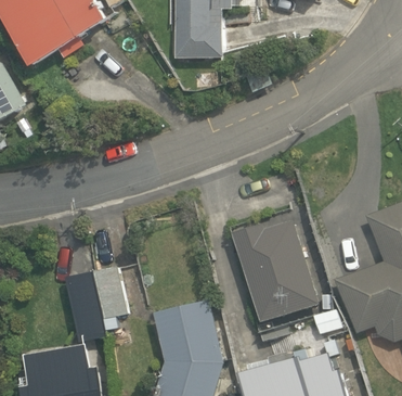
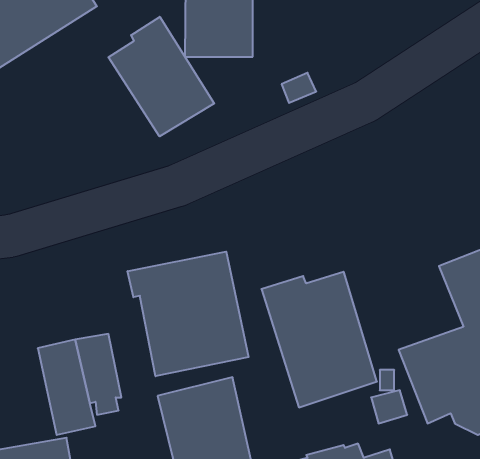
building: none -> [108,17,214,136]
building: none -> [128,252,249,376]

